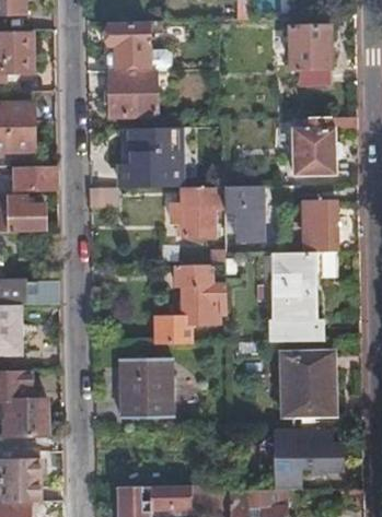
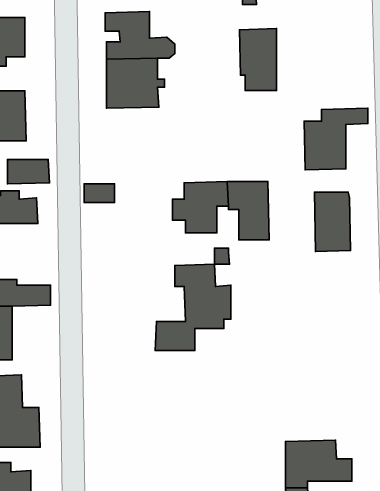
building: [291,25,326,83] -> [239,29,277,90]
building: [119,128,181,188] -> none
building: [270,250,340,342] -> none
building: [287,353,338,415] -> none
building: [120,357,173,416] -> none

